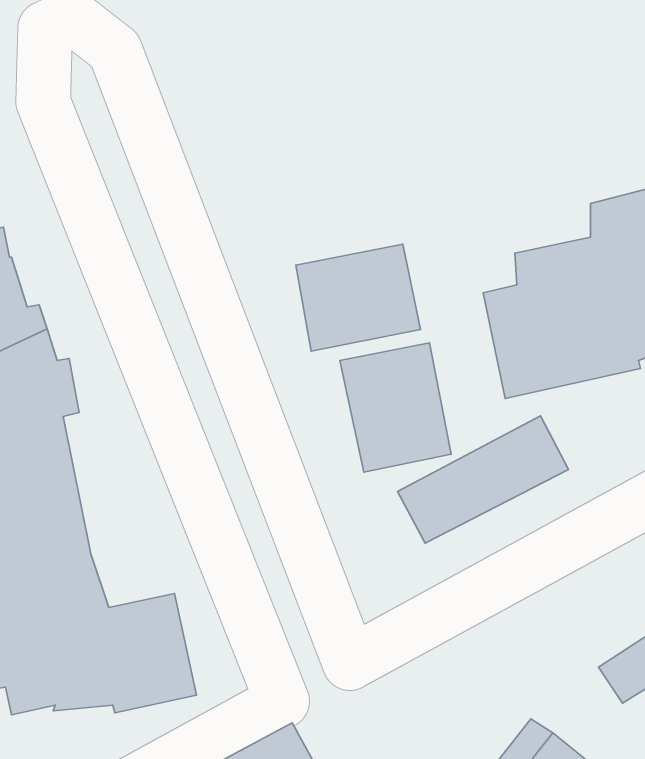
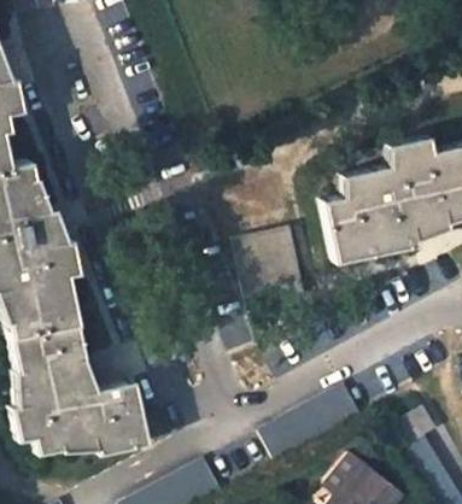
building: [296,244,420,351] -> none
building: [397,416,569,543] -> [259,385,363,462]

